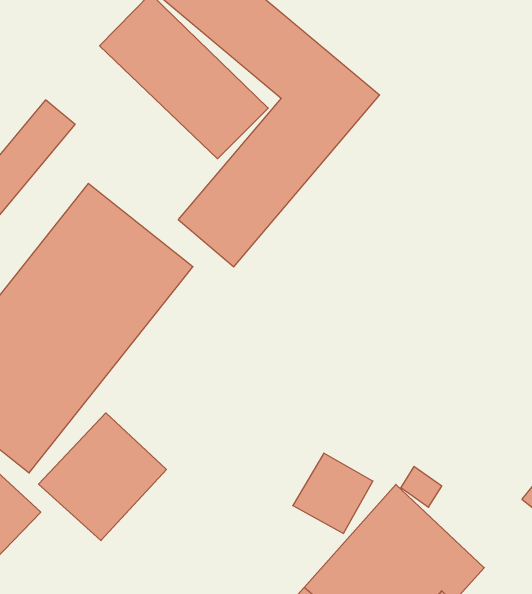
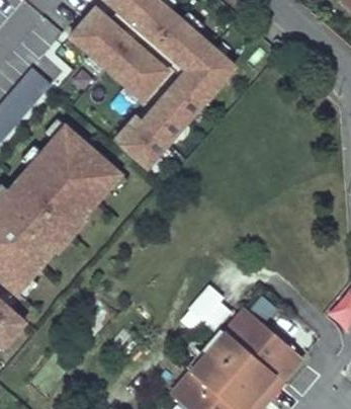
building: [39,413,166,541] -> none

